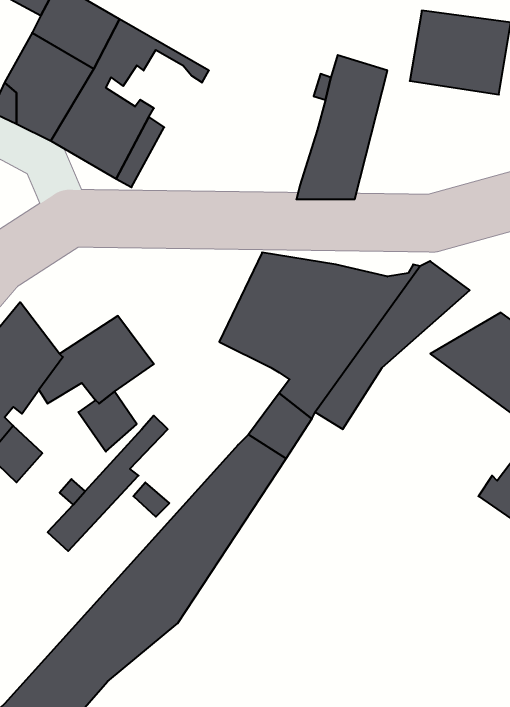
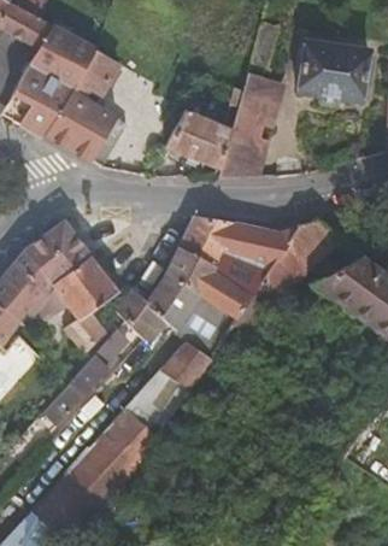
building: none -> [165,110,233,166]
building: none -> [24,217,93,284]
building: none -> [116,276,200,345]

